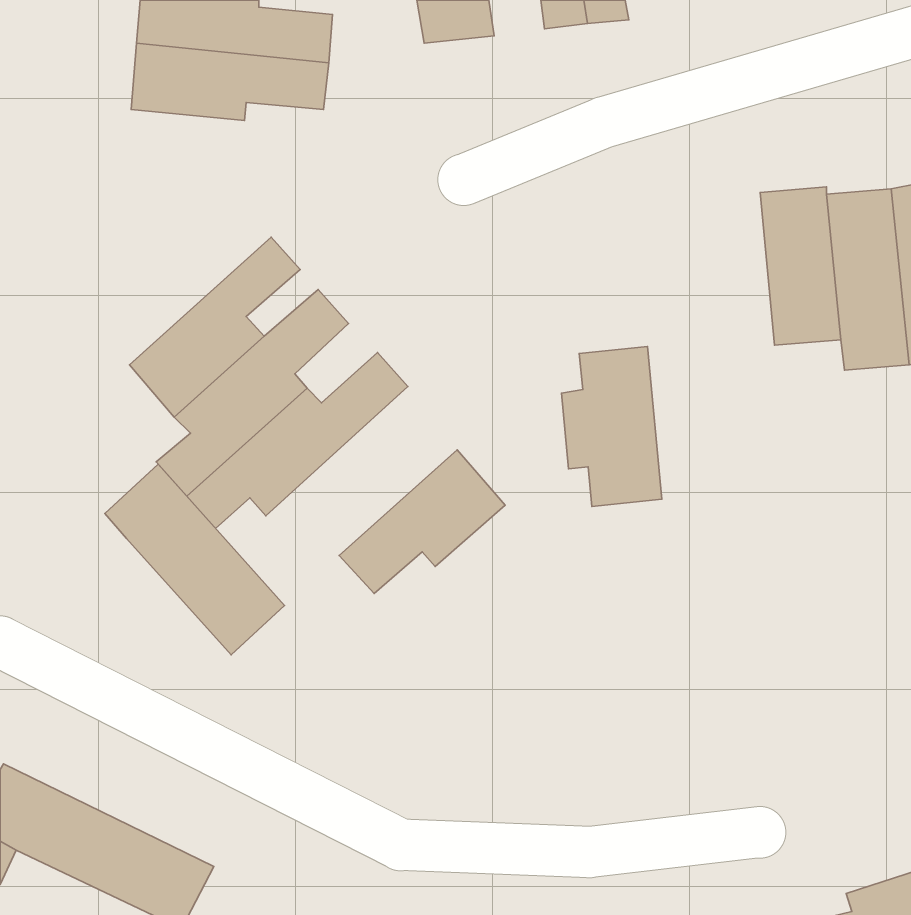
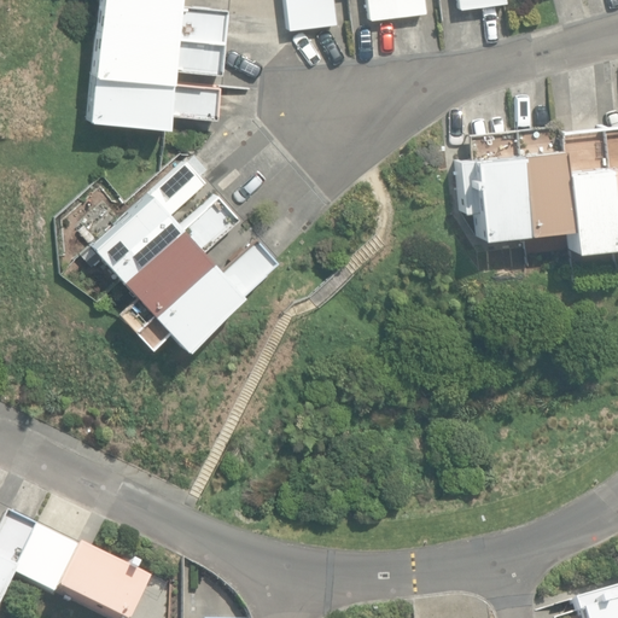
building: none -> [88,76,221,129]
building: [561,346,662,506] -> [457,132,525,239]
building: [339,450,505,594] -> none
building: [105,464,284,655] -> none

